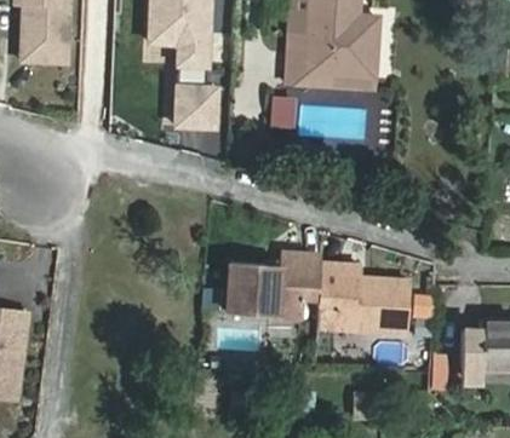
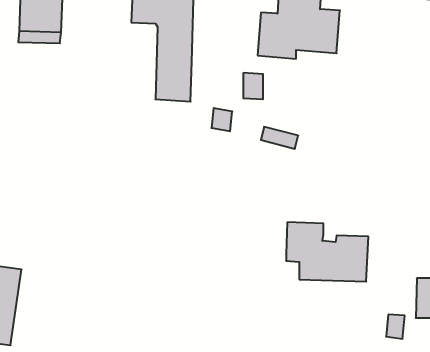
building: [227,254,319,318] -> none

